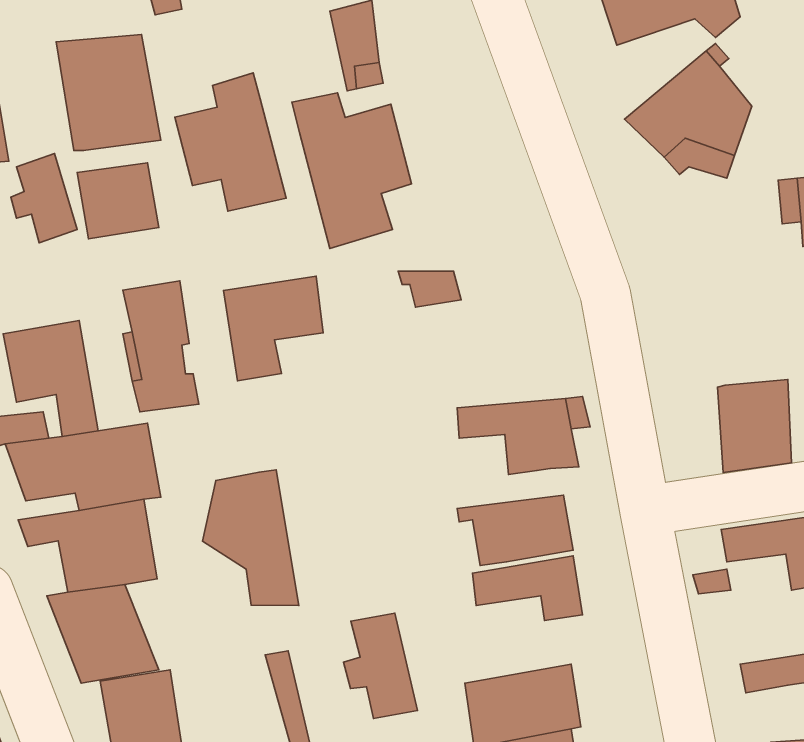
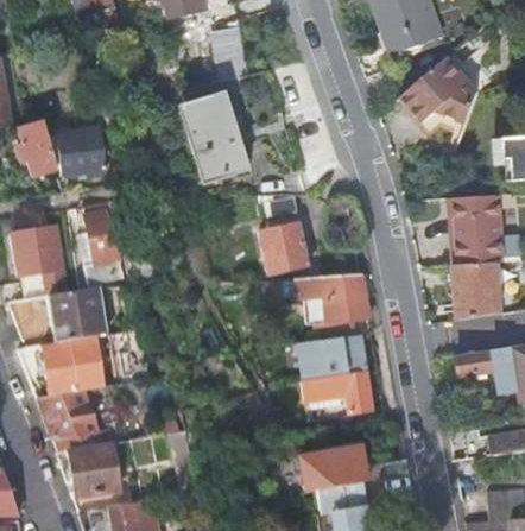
building: [56,34,161,151] -> none
building: [175,73,286,211] -> none
building: [223,276,323,381] -> none
building: none -> [455,211,501,266]
building: none -> [257,221,308,277]
building: [203,470,299,605] -> none
building: [344,613,418,718] -> none

